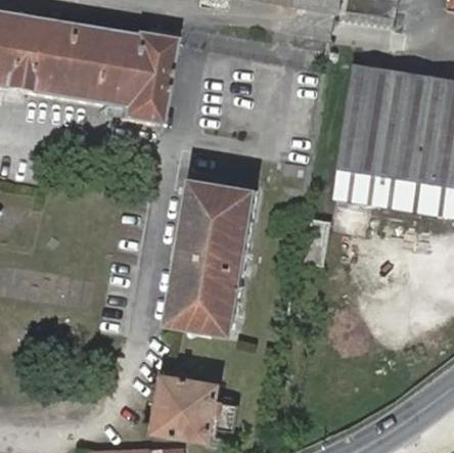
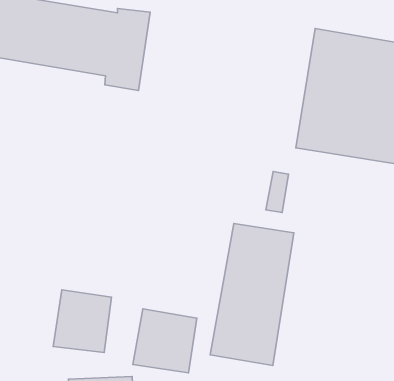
building: [165,175,259,334] -> [210,224,294,366]
building: none -> [53,290,111,352]

